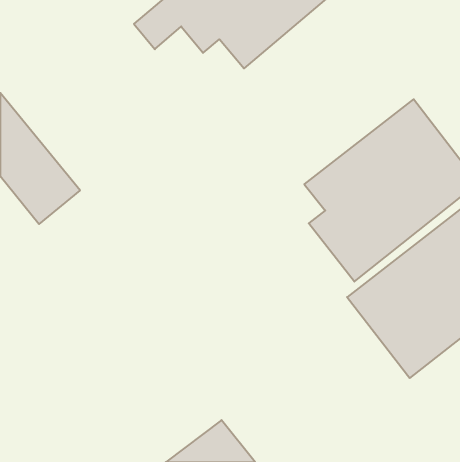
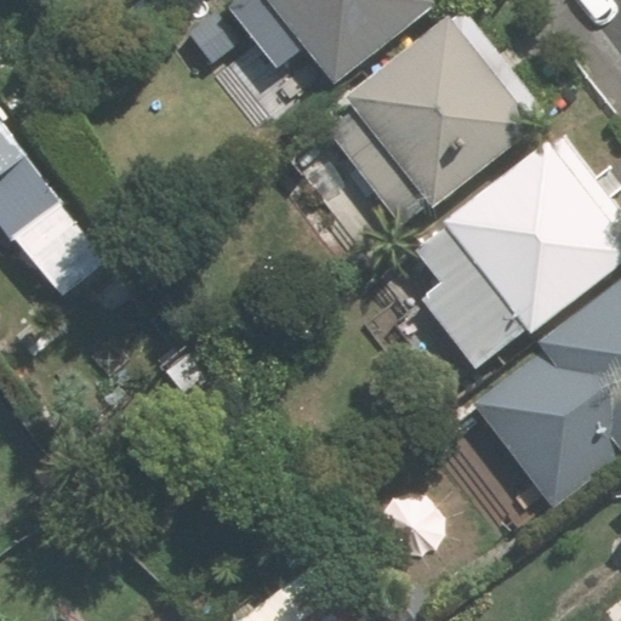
building: none -> [313,15,532,233]

